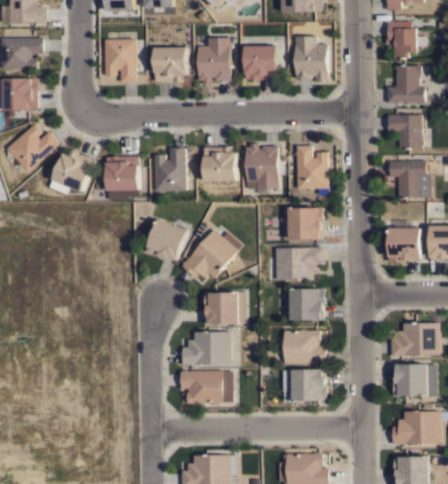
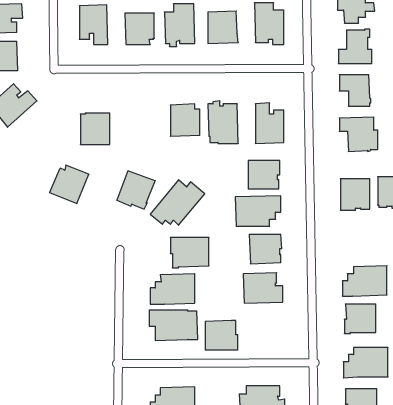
building: [153,147,185,190] -> none
building: [52,150,95,191] -> [50,165,89,204]
building: [292,369,327,400] -> [205,321,238,350]

